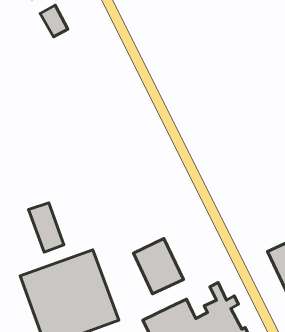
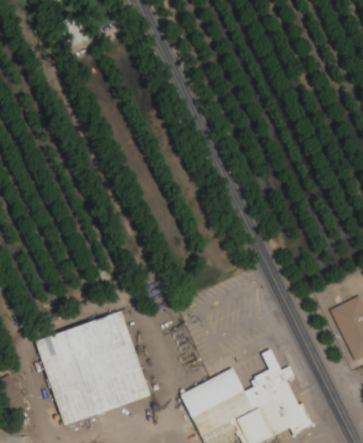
building: [29,203,64,252] -> none
building: [133,239,184,294] -> none

